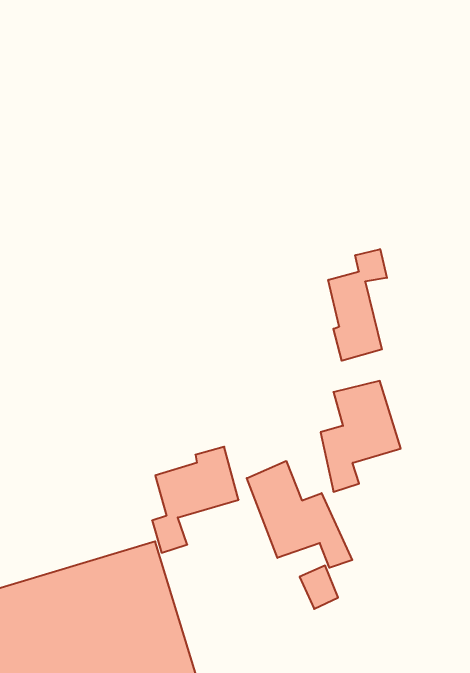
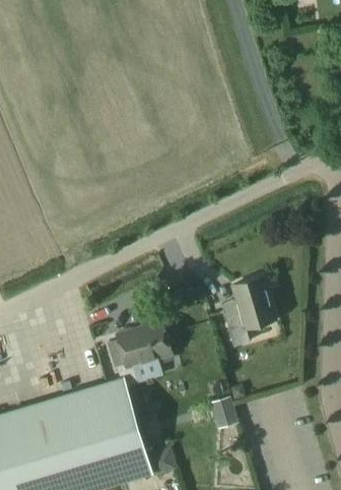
building: [328,249,387,361] -> none
building: [247,461,352,568] -> none

